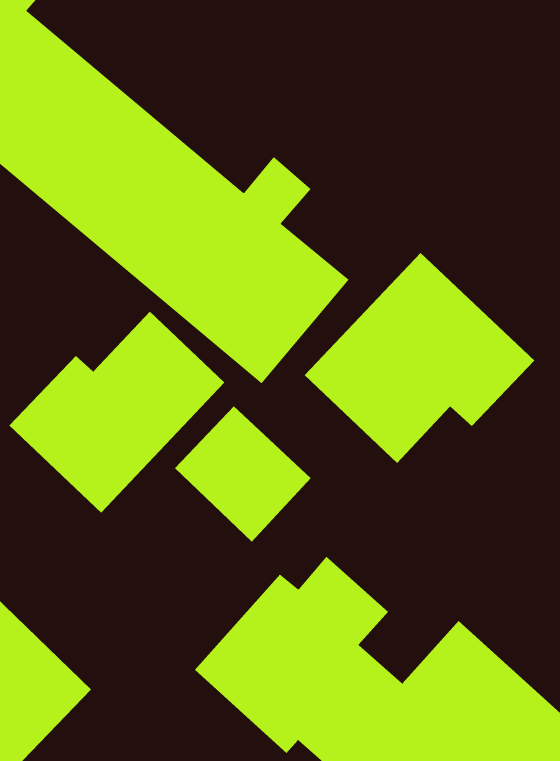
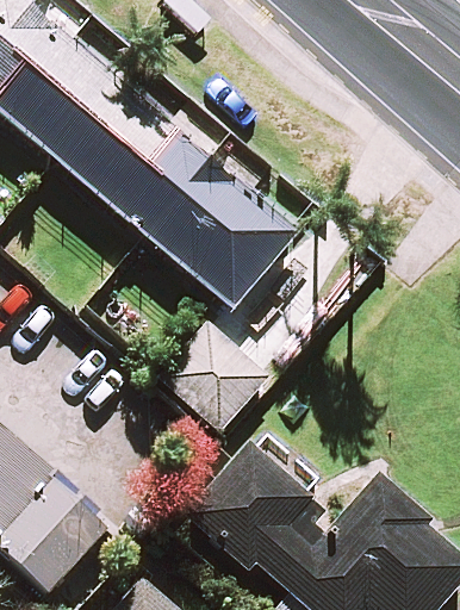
building: [304,252,535,464] -> none
building: [8,311,225,513] -> none

